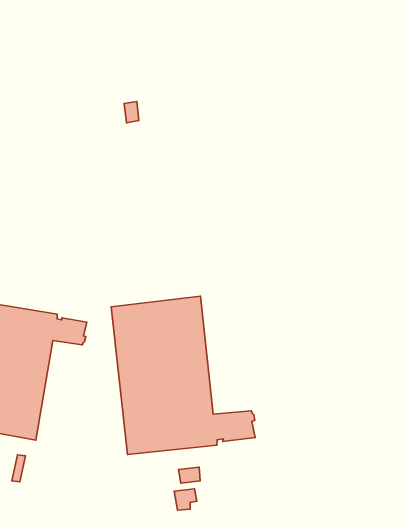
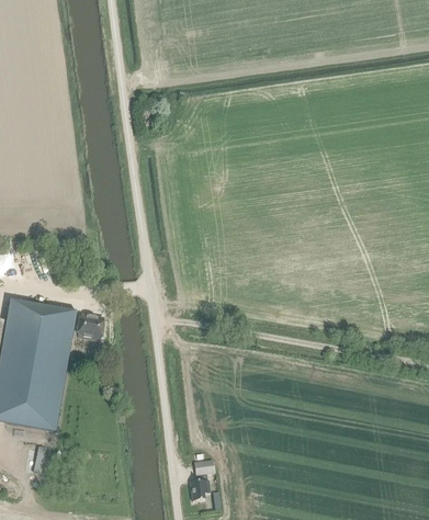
building: [111,296,255,454] -> none

